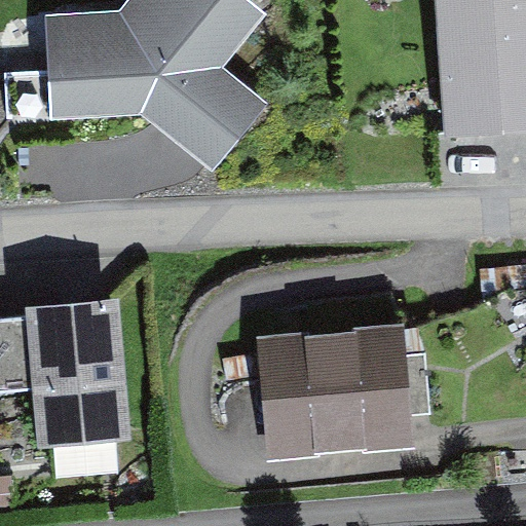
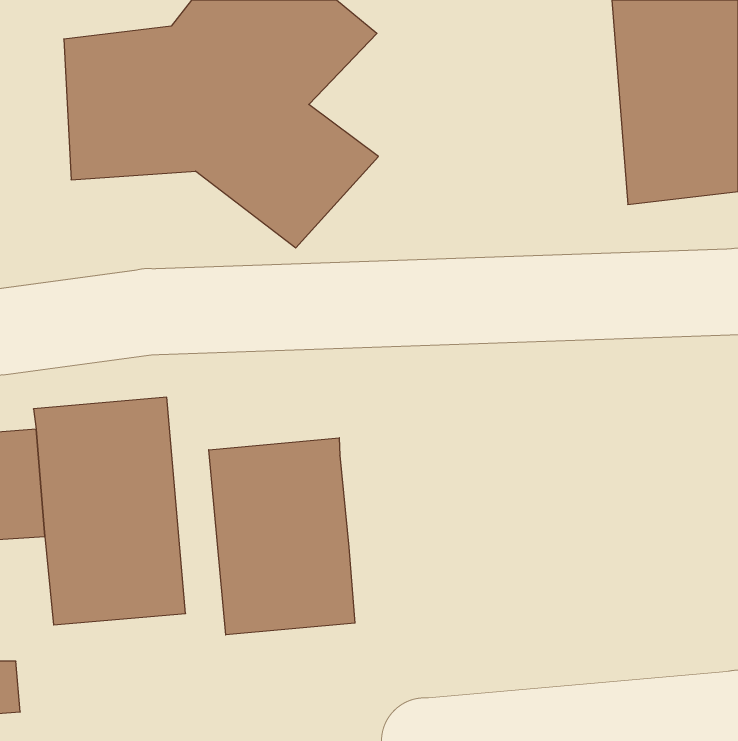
building: none -> [209,438,355,635]
building: [258,310,410,451] -> none

